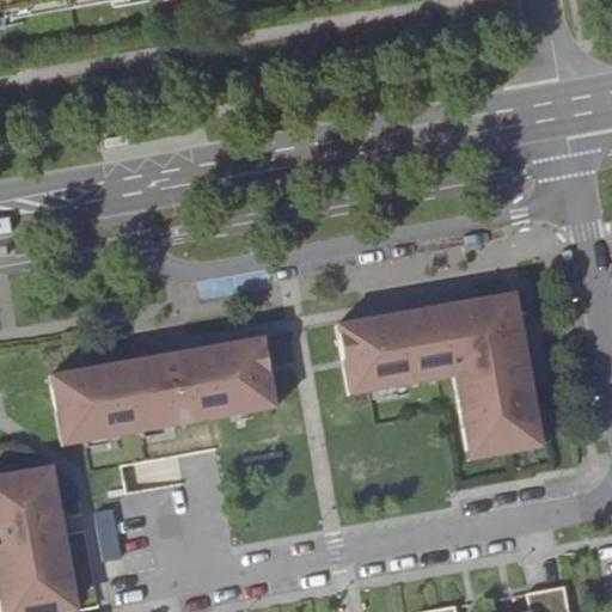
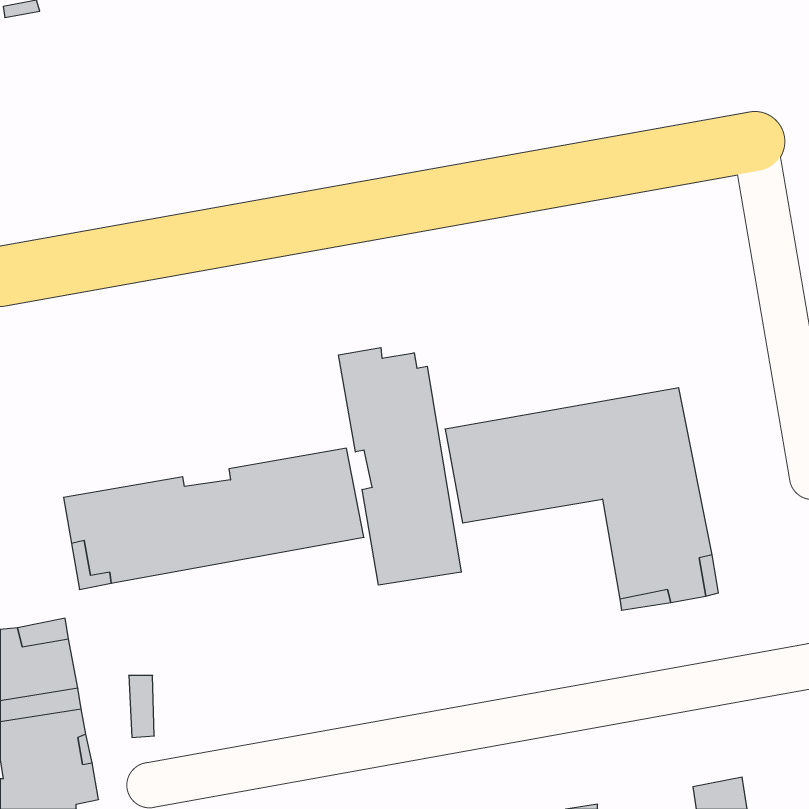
building: none -> [339,348,461,585]

